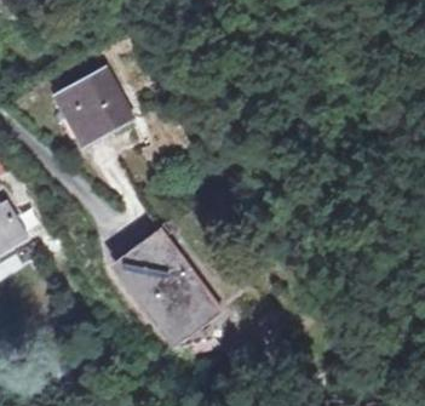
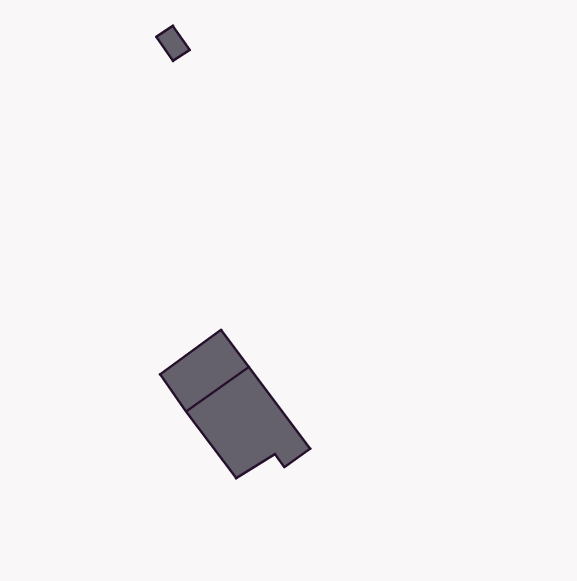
building: [59,75,130,143] -> none

